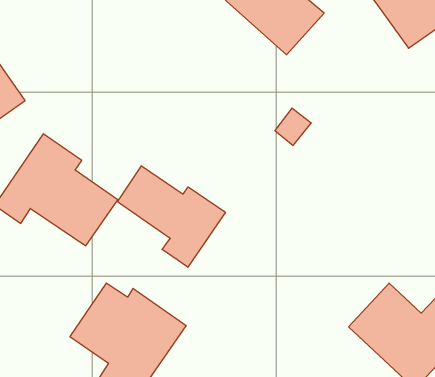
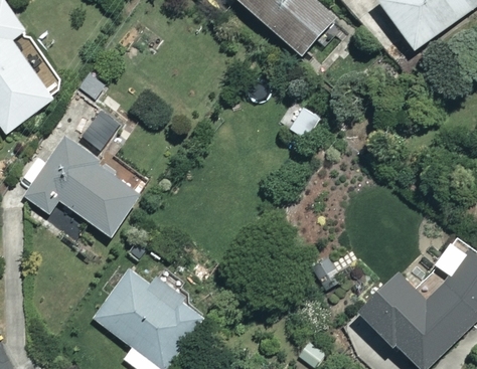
building: [117,166,225,267] -> none

